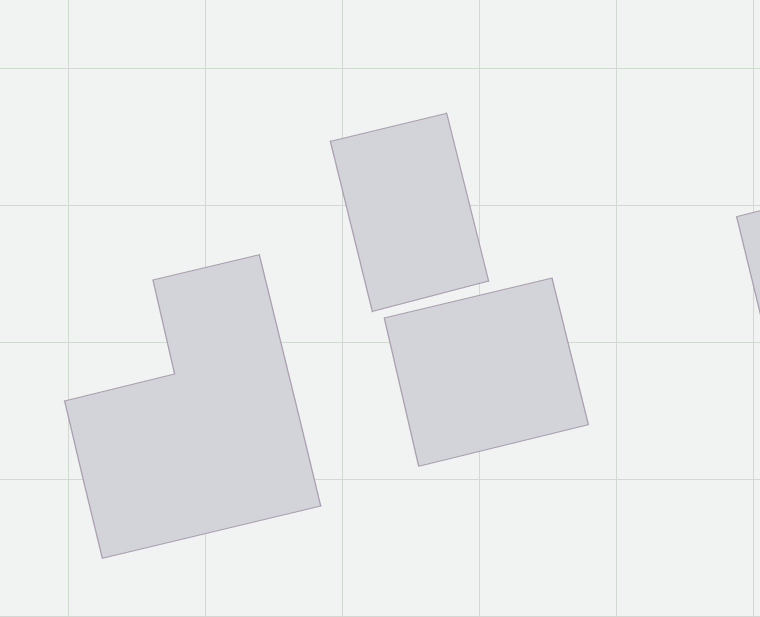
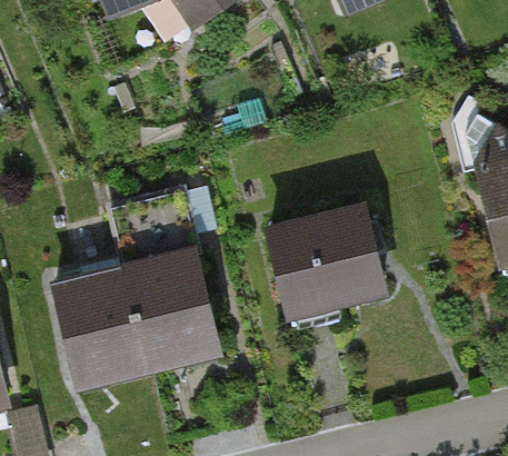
building: [331,113,489,312] -> none

